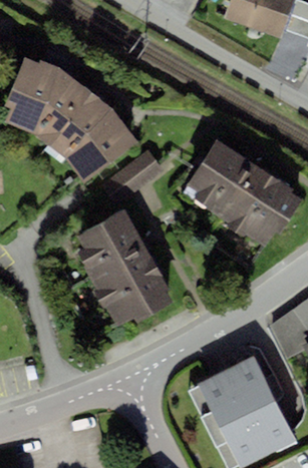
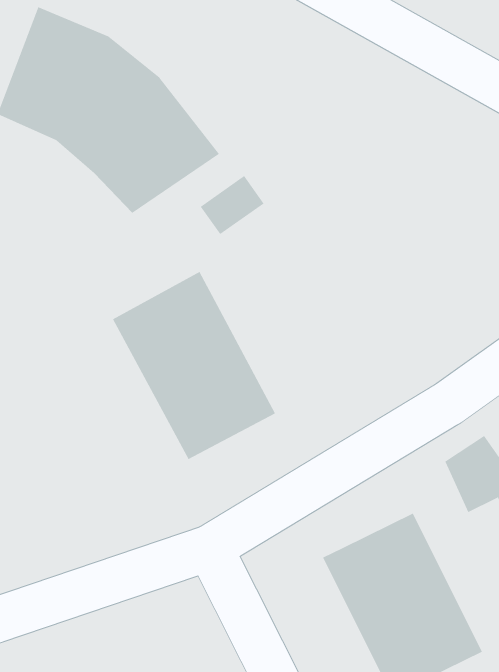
building: [180,138,298,245] -> none

